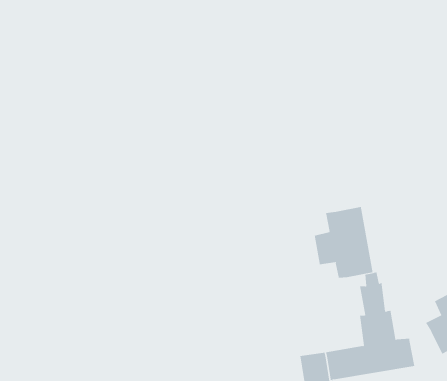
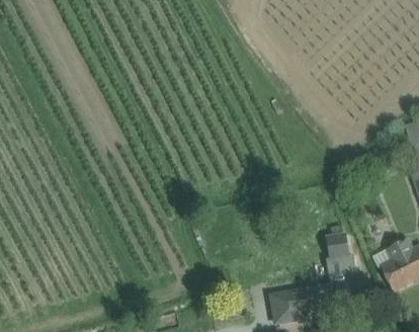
building: [314,206,373,278] -> none

